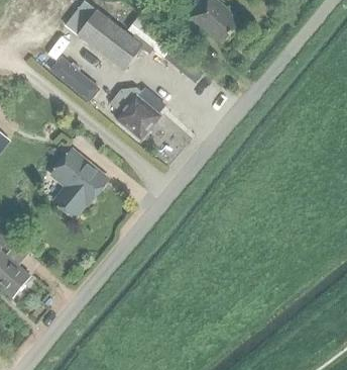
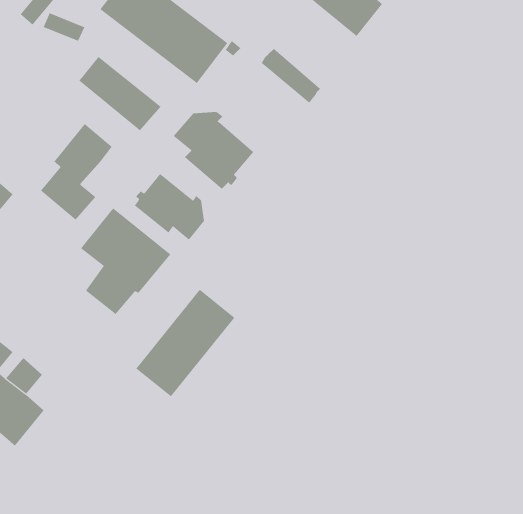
building: none -> [40,123,113,221]
building: none -> [134,173,205,241]
building: none -> [135,289,235,397]

